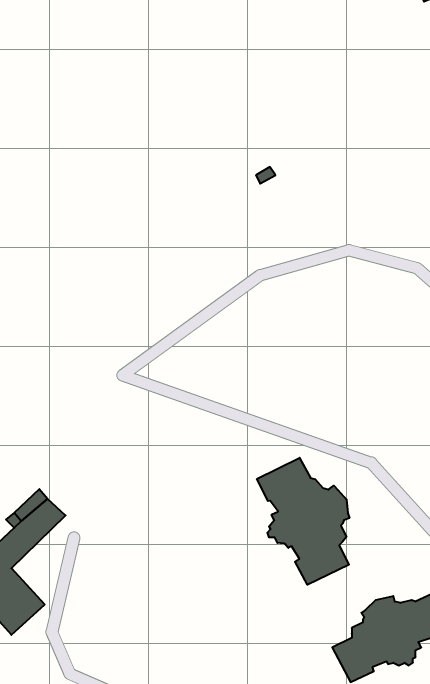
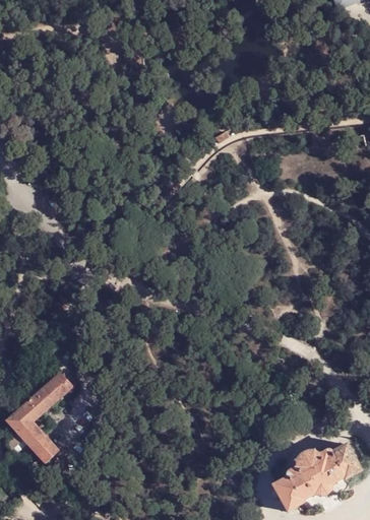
building: [257,458,349,585] -> none

